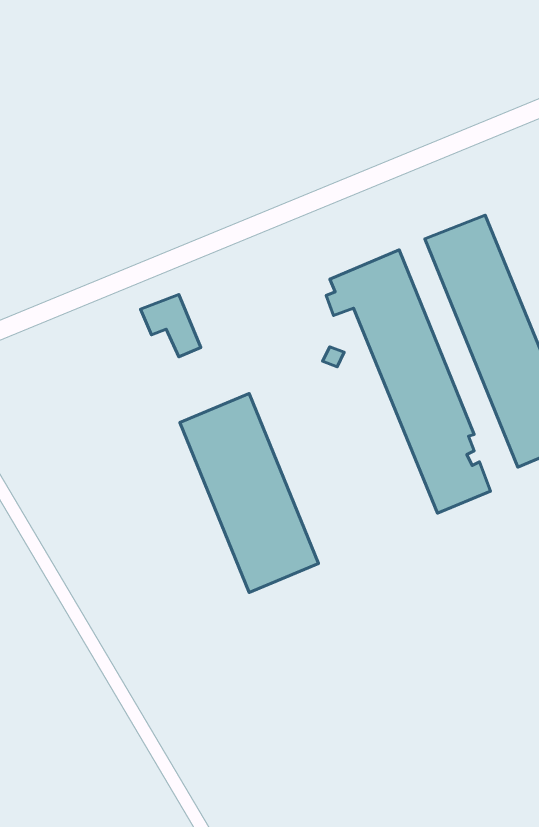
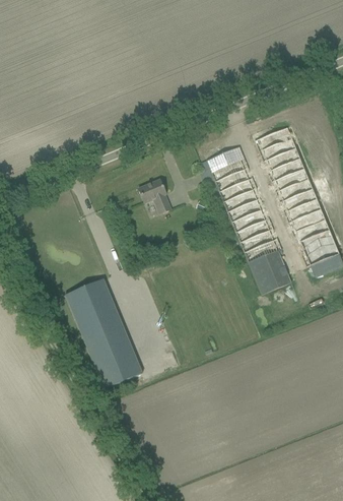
building: [141,295,201,357] -> [138,180,172,214]
building: [180,393,319,593] -> [65,278,142,389]

